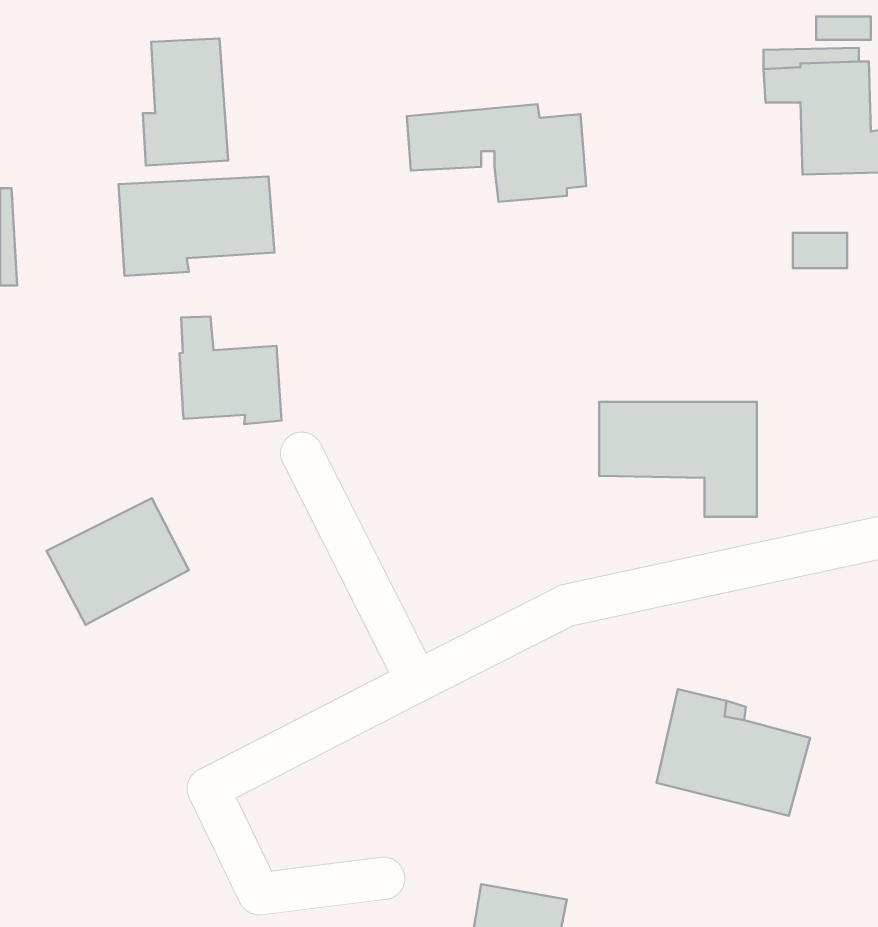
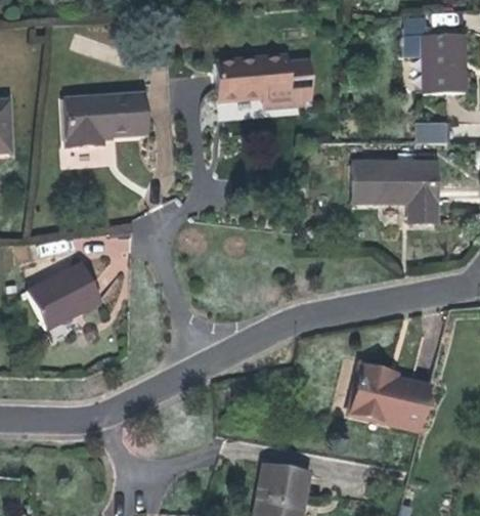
building: [143,39,228,165] -> none
building: [179,316,282,424] -> none
building: [599,402,757,517] -> [355,163,438,223]

